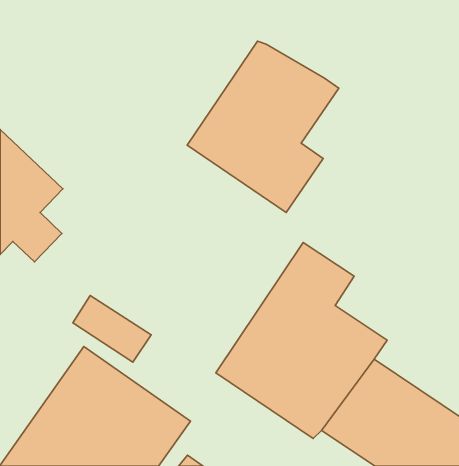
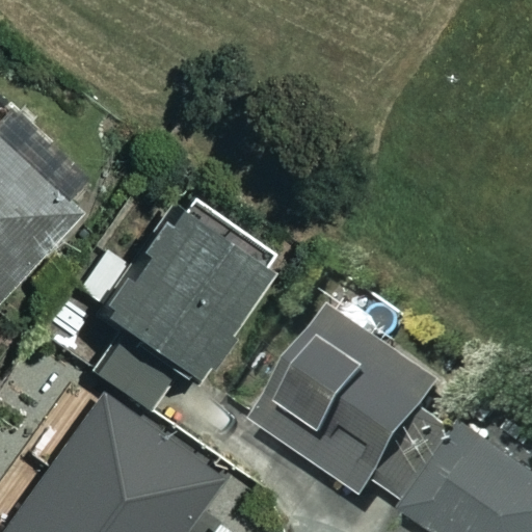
building: [187,41,339,212] -> none
building: none -> [77,197,269,374]

